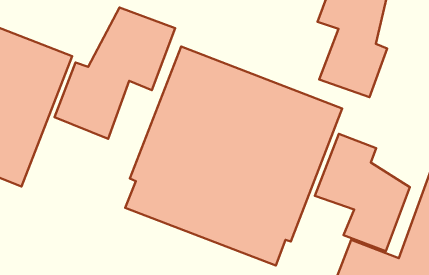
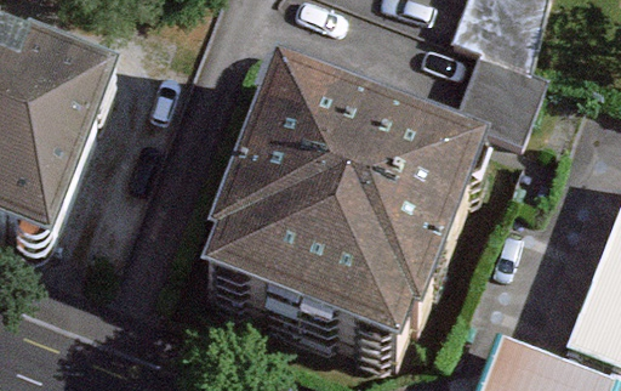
building: [54,7,175,139] -> none
building: [315,134,410,251] -> none

